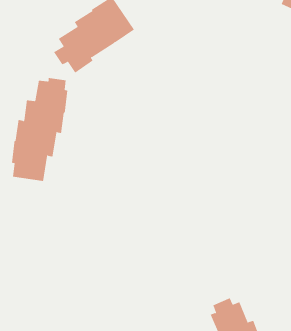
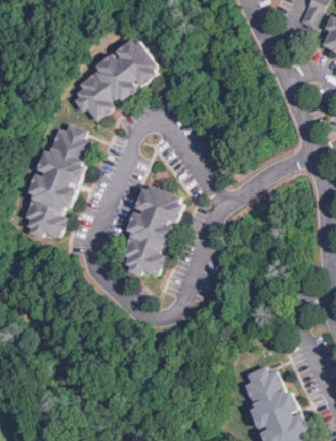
building: none -> [123,185,184,276]

